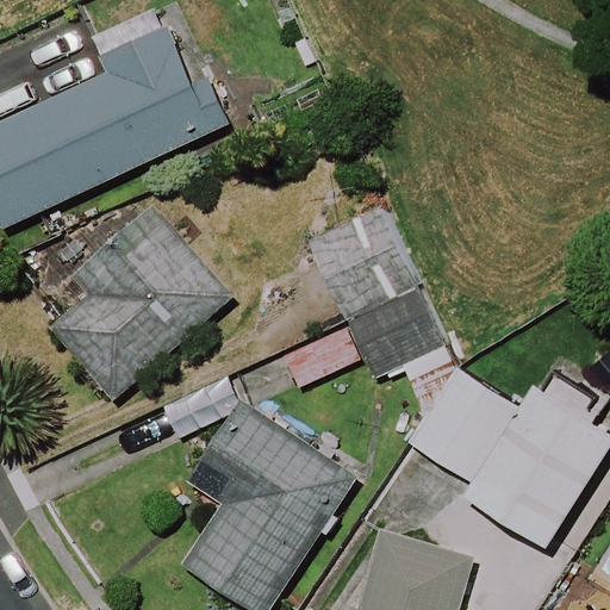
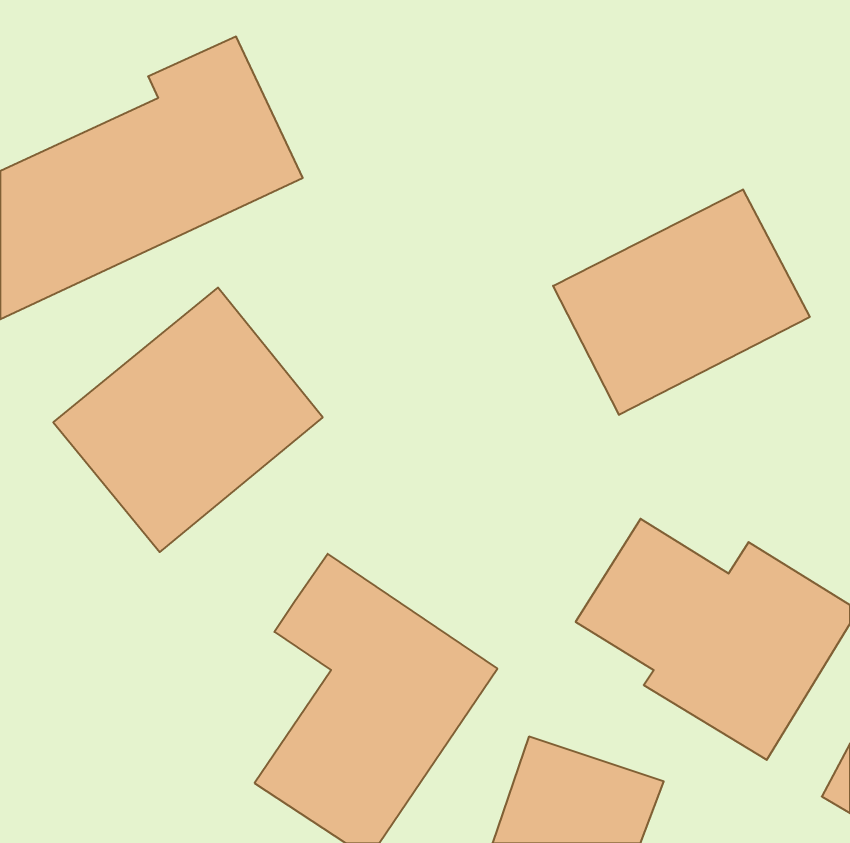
building: none -> [553,189,810,415]
building: [273,211,441,392] -> none

